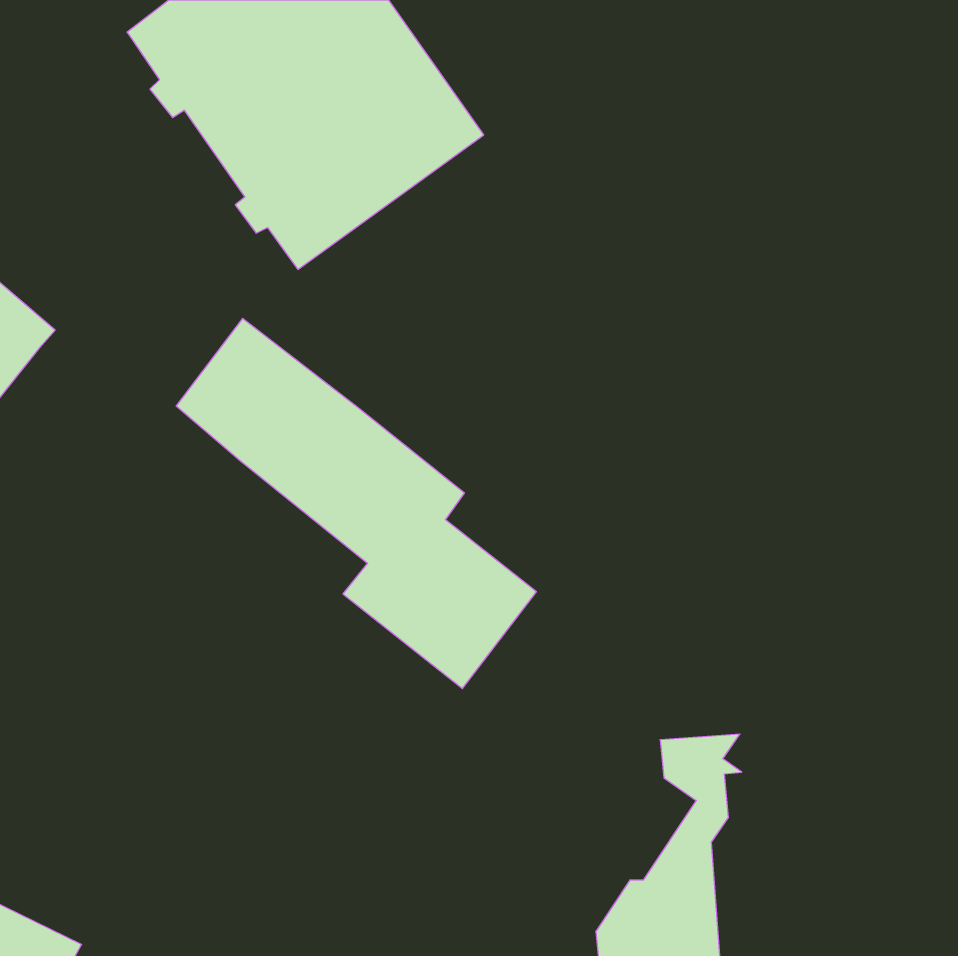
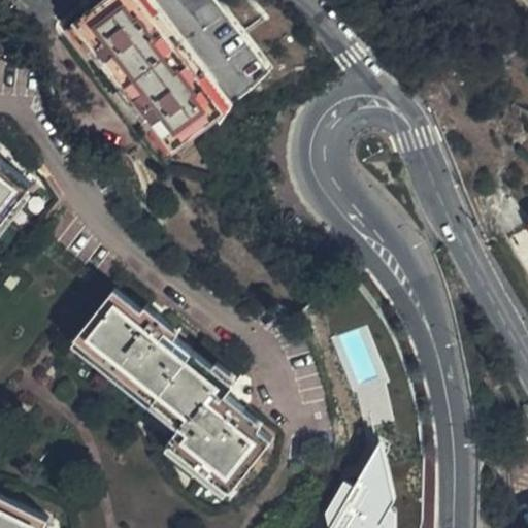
building: [176,319,536,689] -> [73,294,269,495]

